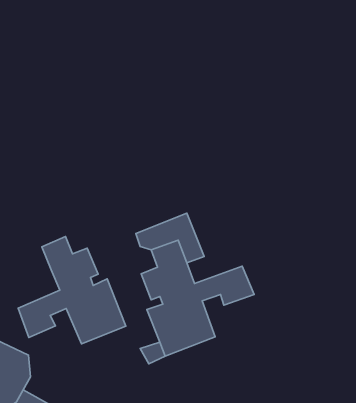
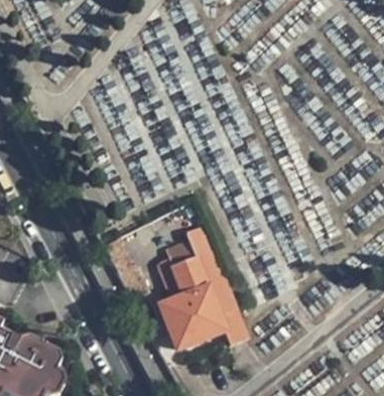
building: [18,237,126,344] -> none

